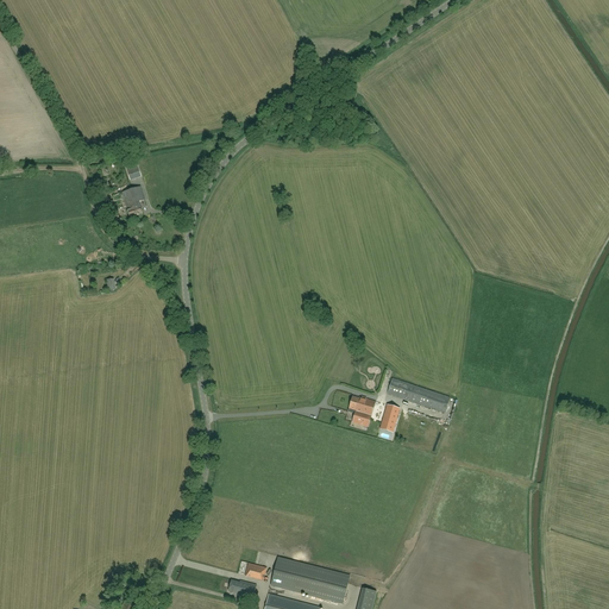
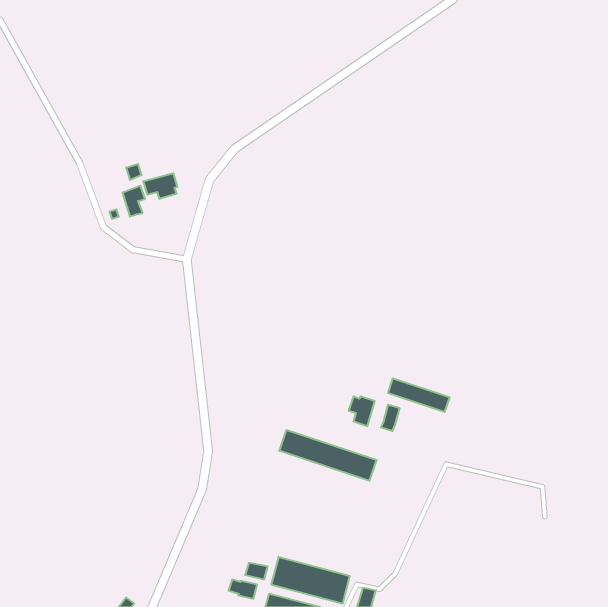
building: none -> [143,173,177,199]
building: none -> [279,430,377,481]

